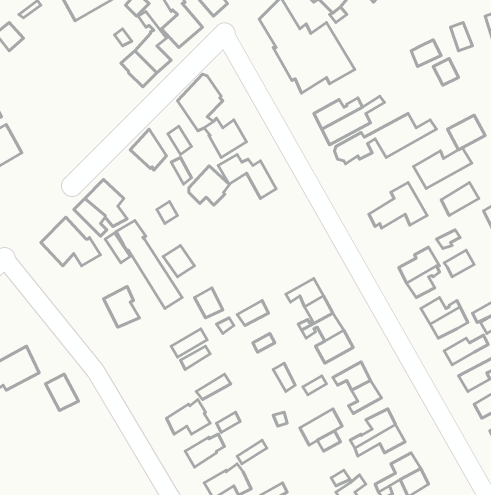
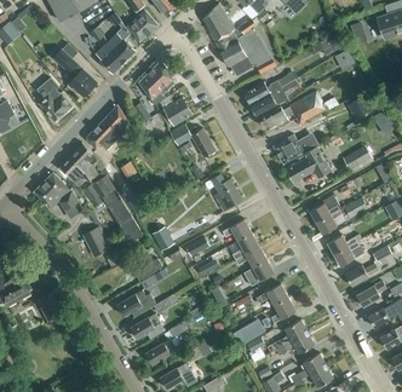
building: none -> [53,48,97,97]
building: none -> [38,79,71,121]
building: [414,148,472,188] -> [274,132,318,163]
building: [189,166,230,205] -> [87,120,119,150]
building: none -> [212,174,242,211]
building: none -> [117,290,156,316]

